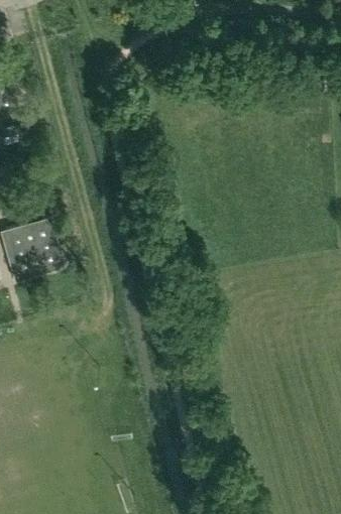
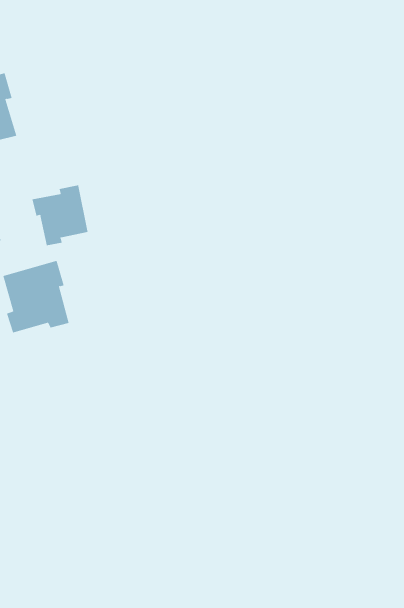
building: none -> [32,185,88,246]

